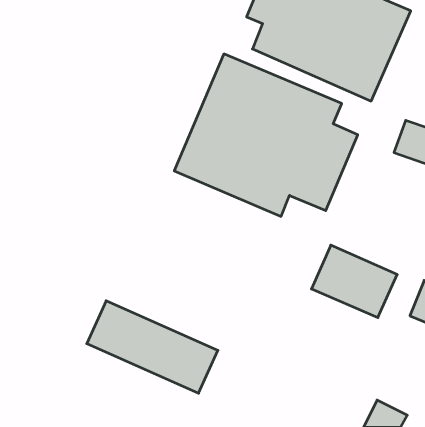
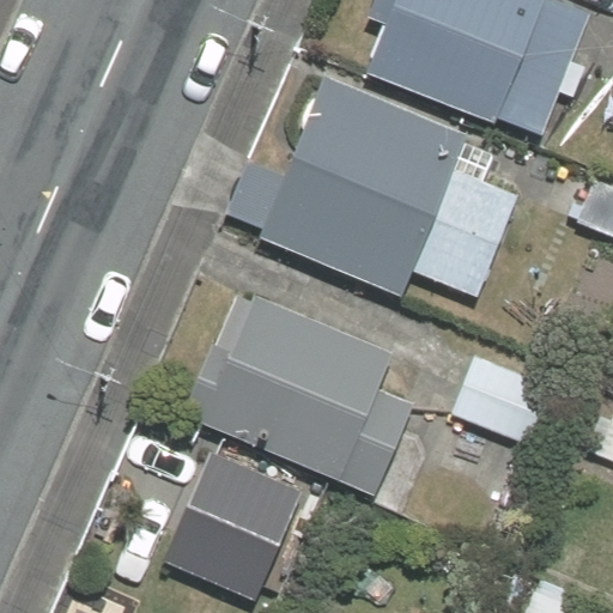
building: none -> [188,293,435,490]

